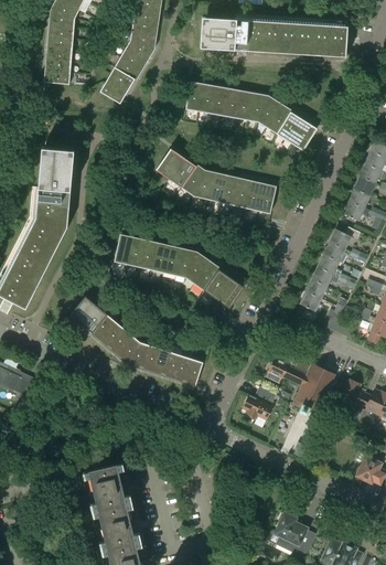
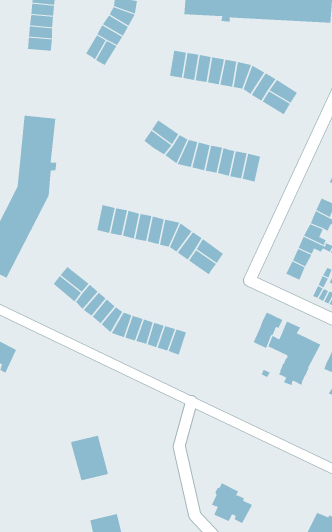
building: [243,392,275,420] -> none
building: [98,502,135,547] -> none
building: [275,512,315,553] -> [211,483,253,524]

